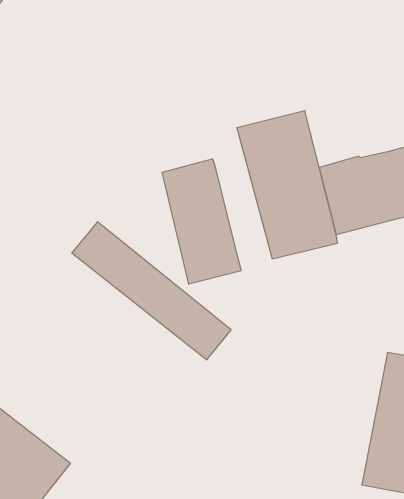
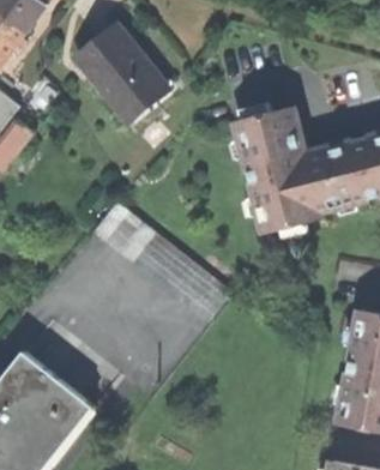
building: none -> [74,23,167,118]
building: [162,159,241,284] -> none

